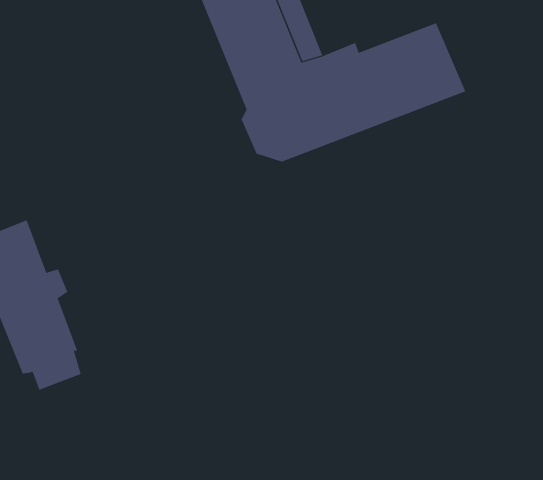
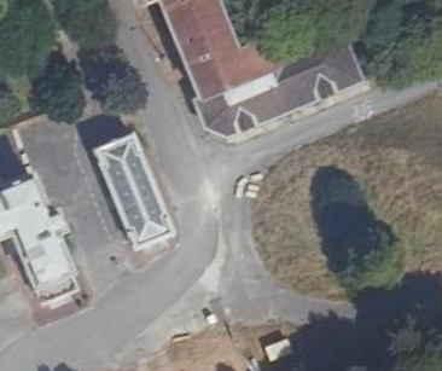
building: none -> [93,133,173,247]

